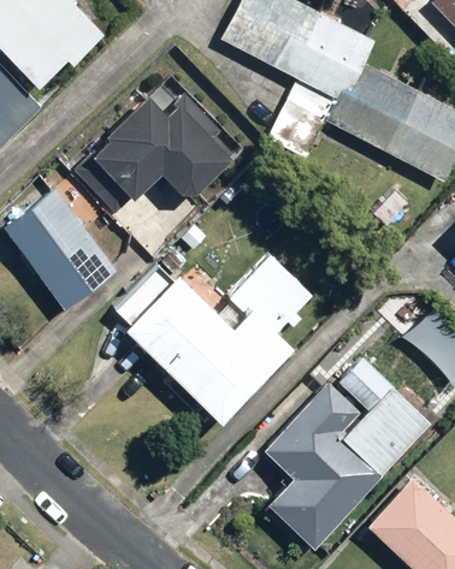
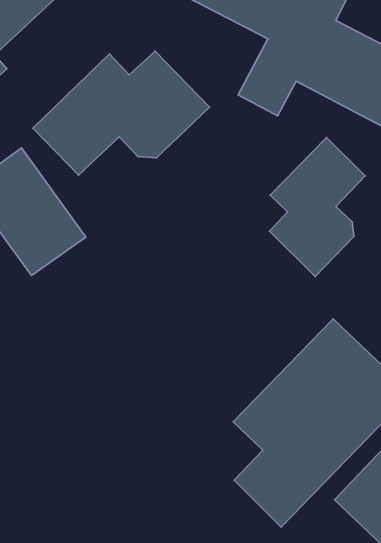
building: none -> [270,138,365,277]
building: [120,251,315,422] -> none

